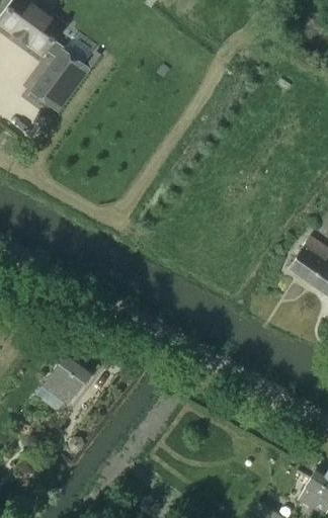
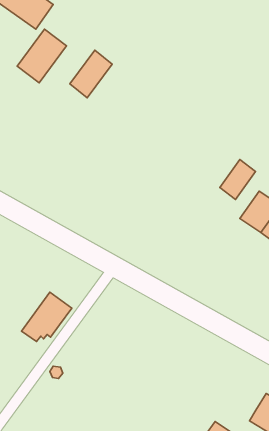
building: none -> [70,50,112,98]
building: none -> [220,160,255,200]

